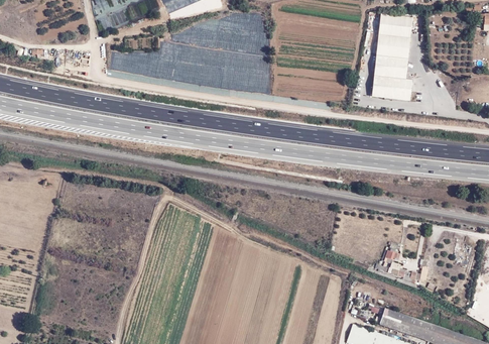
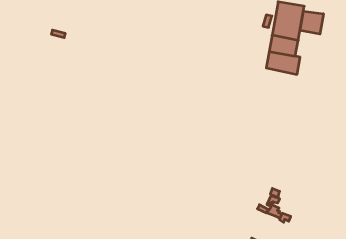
building: none -> [300,11,323,34]

